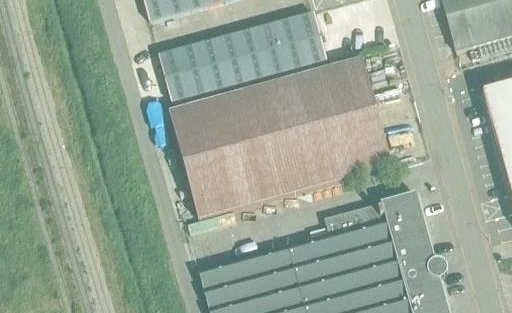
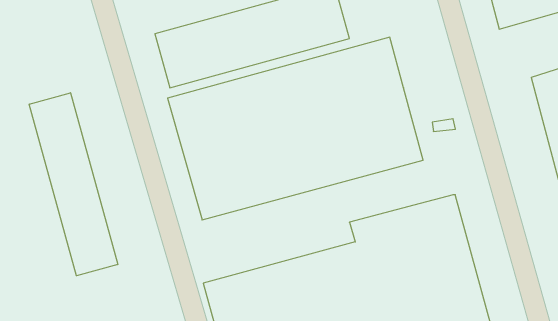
building: none -> [29,93,118,276]

